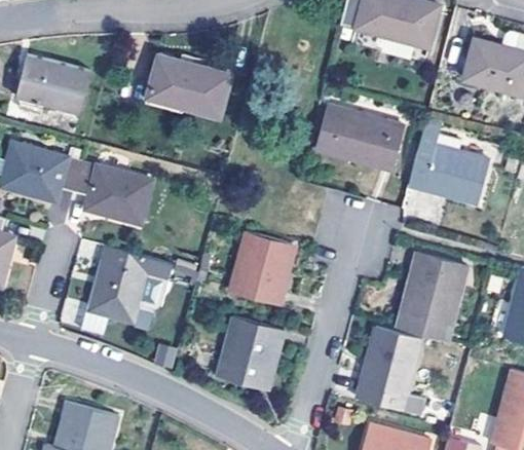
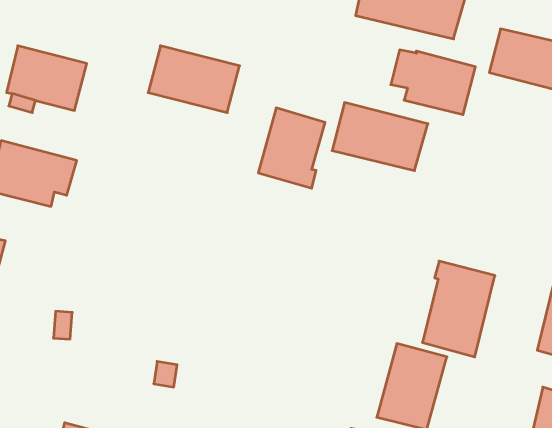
building: [411,144,489,203] -> [391,50,475,115]
building: [72,160,152,225] -> none
building: [229,231,291,305] -> [258,108,325,188]
building: [88,247,172,323] -> none
building: [216,316,283,388] -> none

